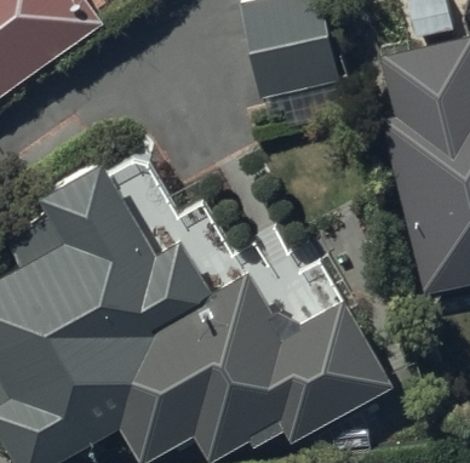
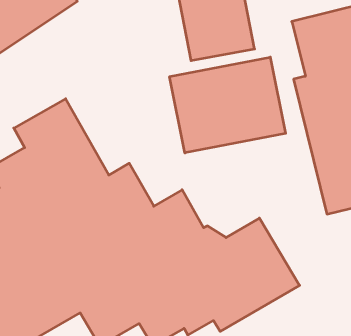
building: none -> [170,57,286,153]

